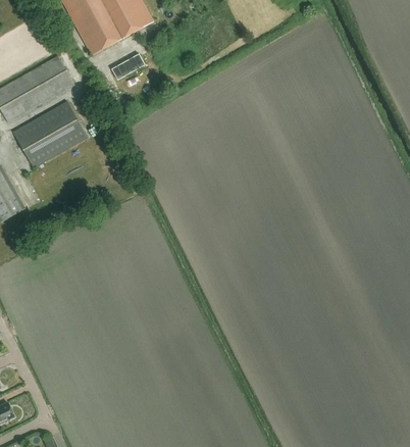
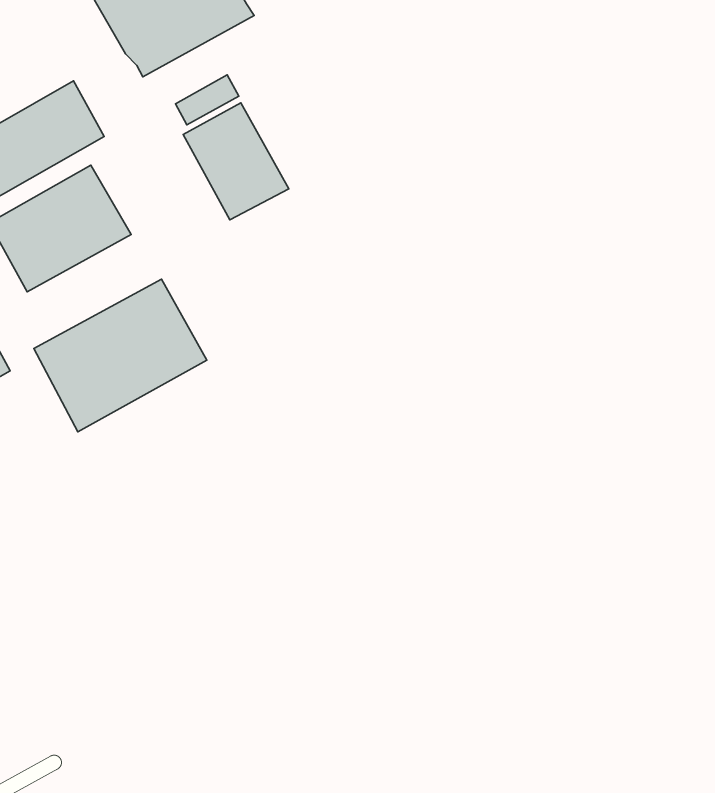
building: none -> [183,103,289,220]
building: none -> [34,279,207,432]

